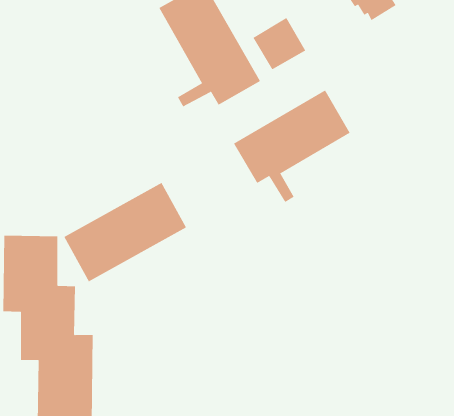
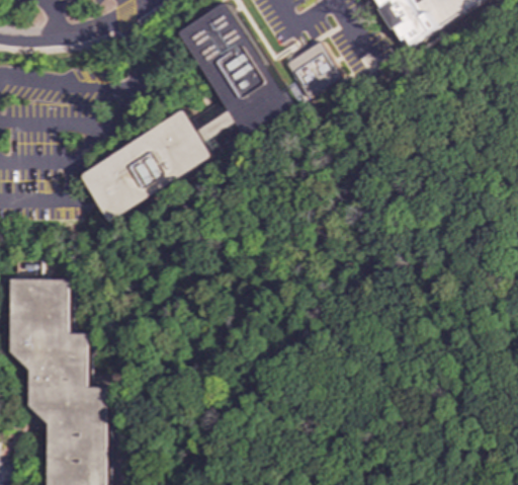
building: [233,89,351,203] -> none
building: [63,182,187,282] -> [80,110,214,220]

